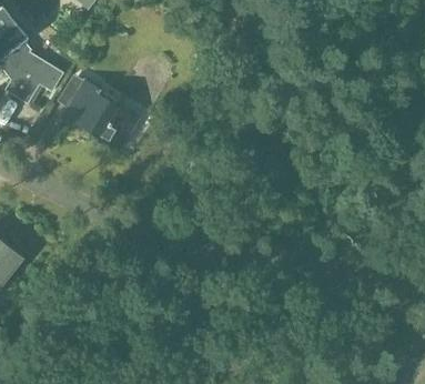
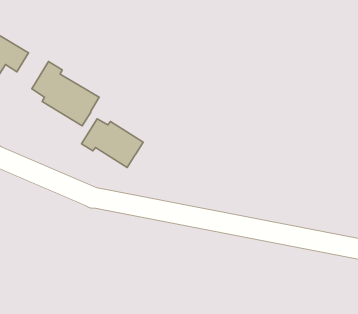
building: none -> [82,119,143,168]

